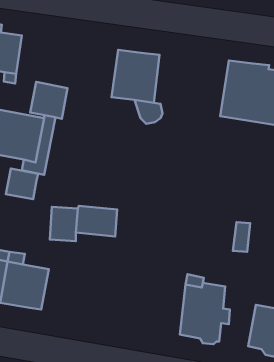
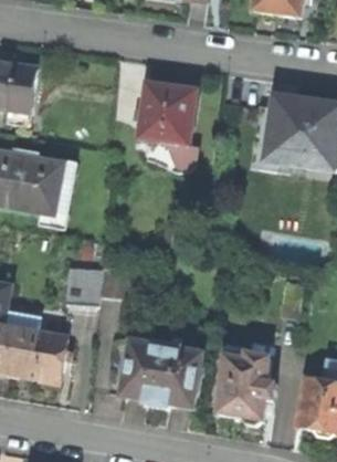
building: [30,82,68,119] -> none
building: [6,169,38,199] -> none
building: none -> [120,338,201,406]

